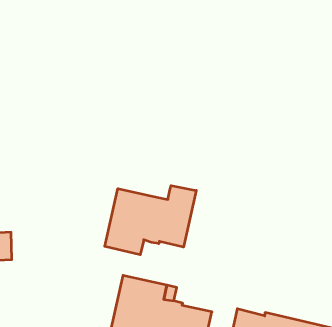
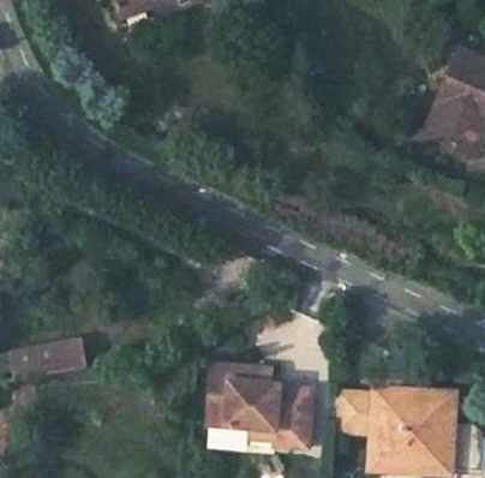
building: [105,186,196,255] -> none

